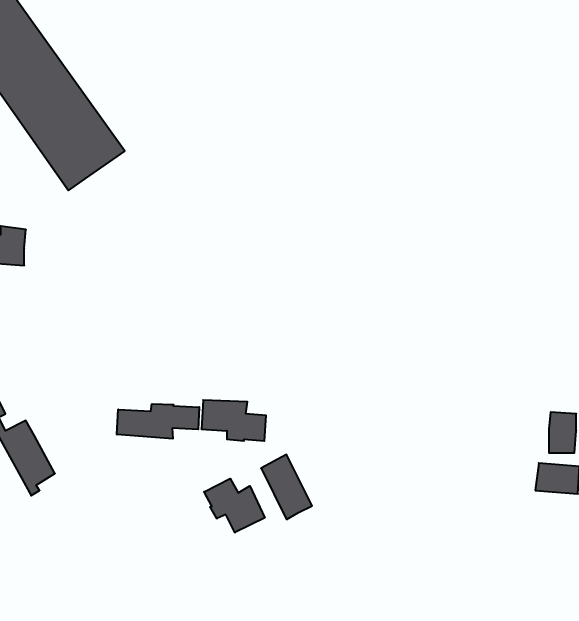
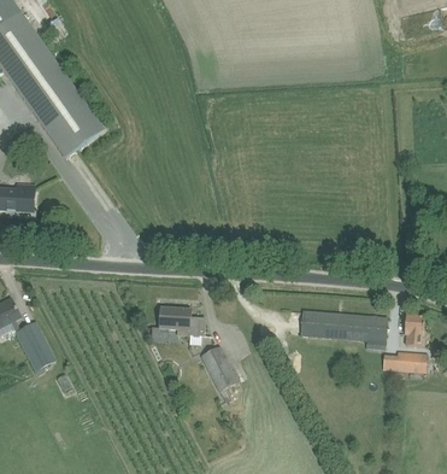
building: [117,404,199,439] -> none
building: none -> [300,310,388,341]
building: [204,479,265,533] -> none

